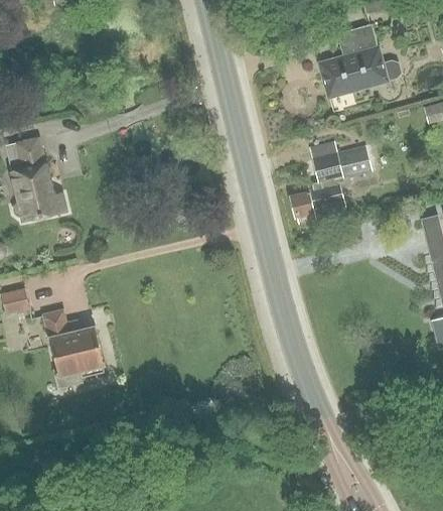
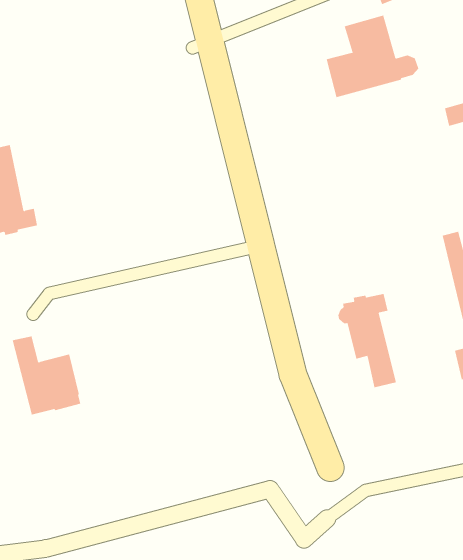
building: [290,149,370,223] -> none
building: none -> [338,293,397,388]

